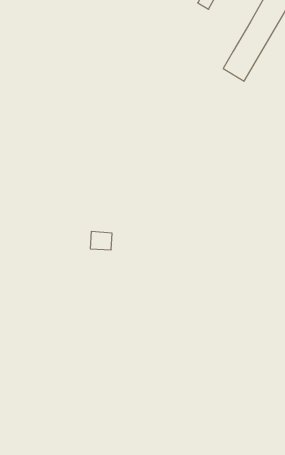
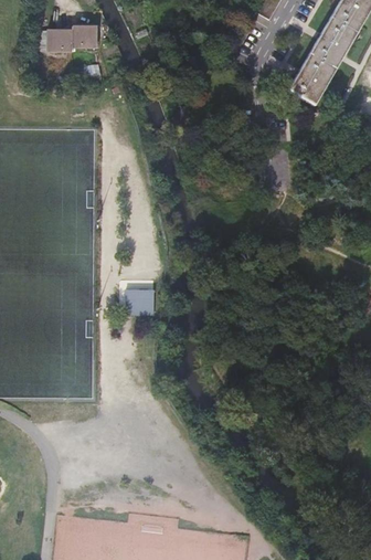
building: none -> [49,22,99,47]

